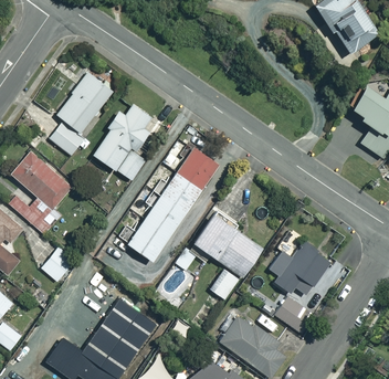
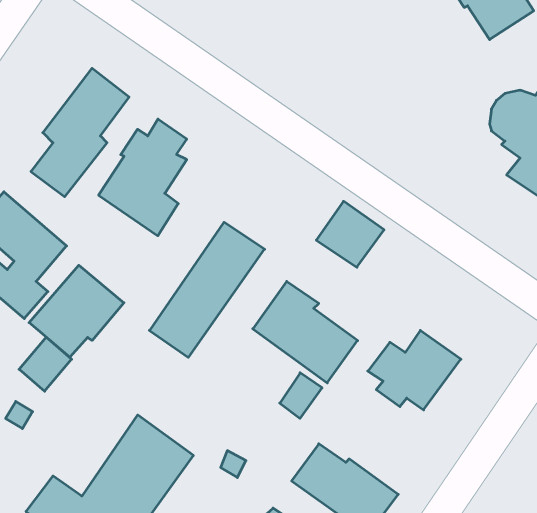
building: [175,147,219,190] -> [316,201,384,267]
building: none -> [29,265,124,357]
building: [274,297,314,334] -> none

